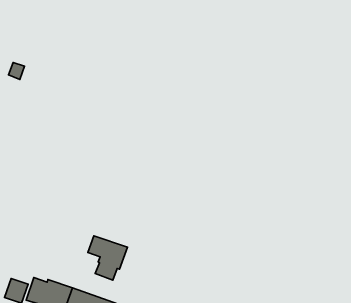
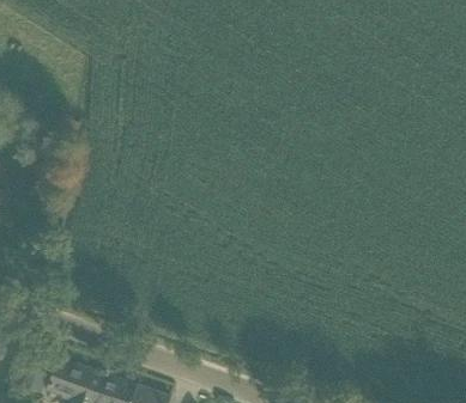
building: [88,236,127,280] -> none

